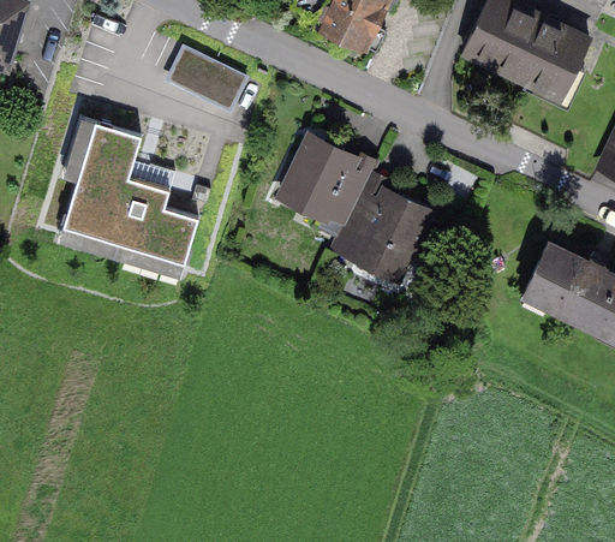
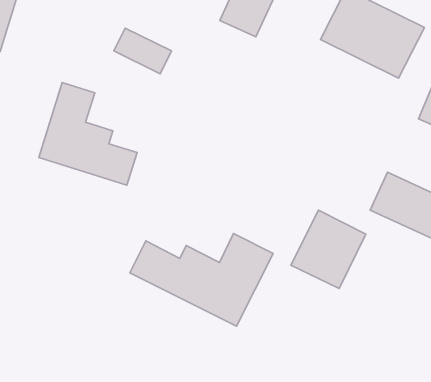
building: [273,132,377,238] -> none
building: [339,186,443,296] -> [291,210,366,289]
building: none -> [130,234,273,326]

